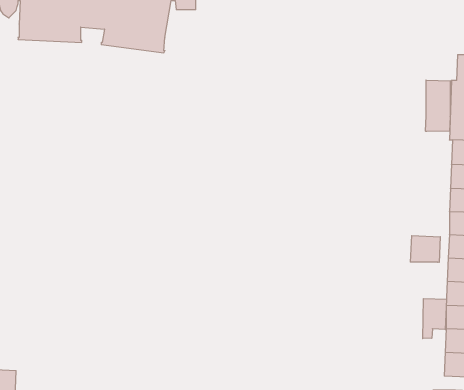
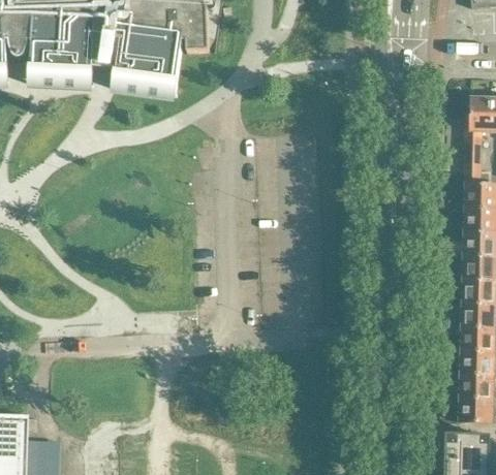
building: [426,80,450,131] -> none
building: [410,236,440,262] -> none
building: [423,299,446,339] -> none

